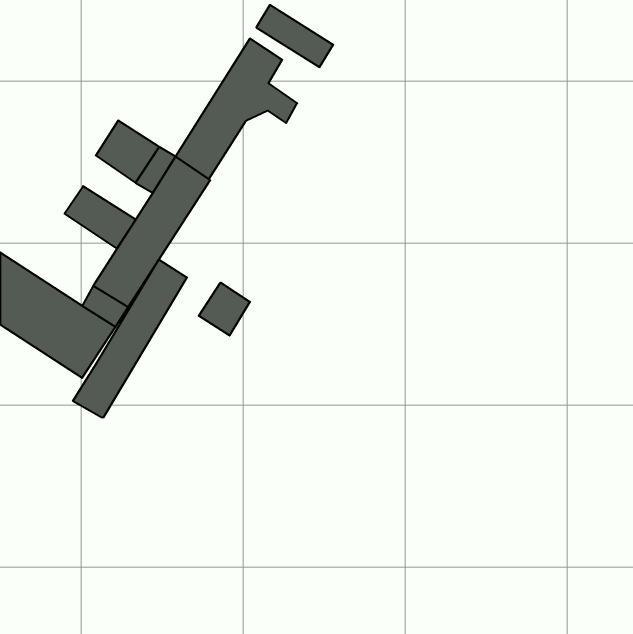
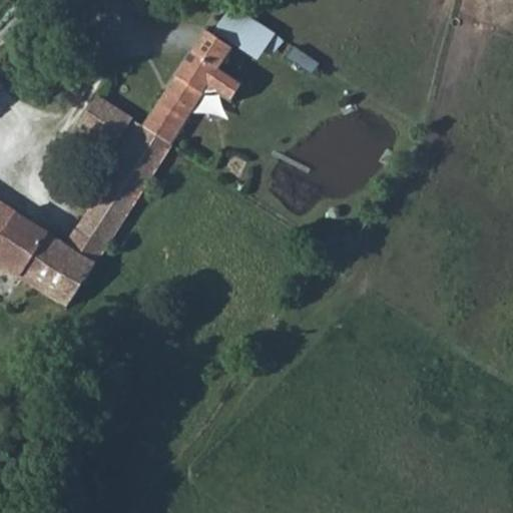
building: [65,186,136,248] -> none
building: [73,259,187,418] -> none
building: [199,283,250,336] -> none

